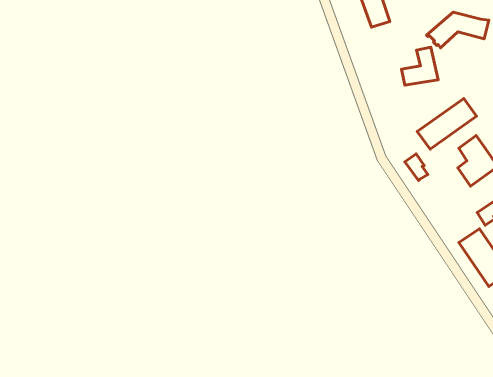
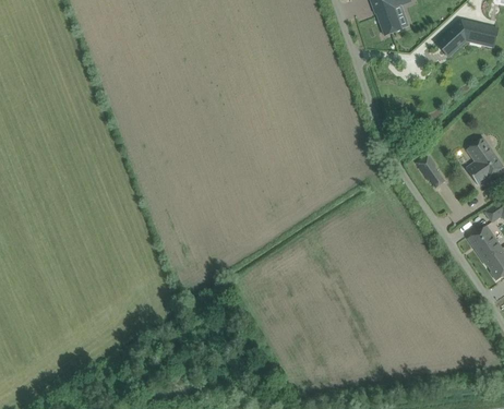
building: [402,47,438,85] -> none
building: [417,99,477,149] -> none

